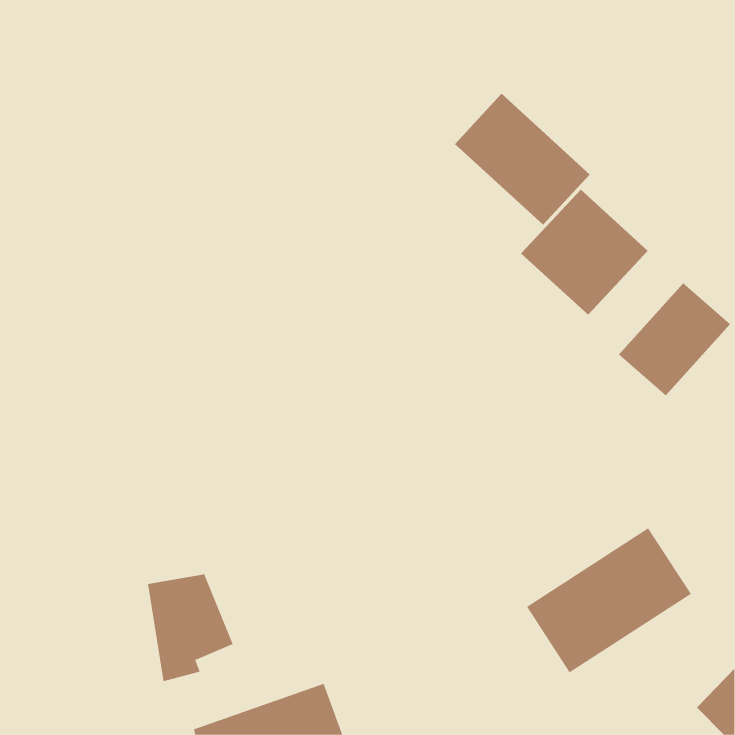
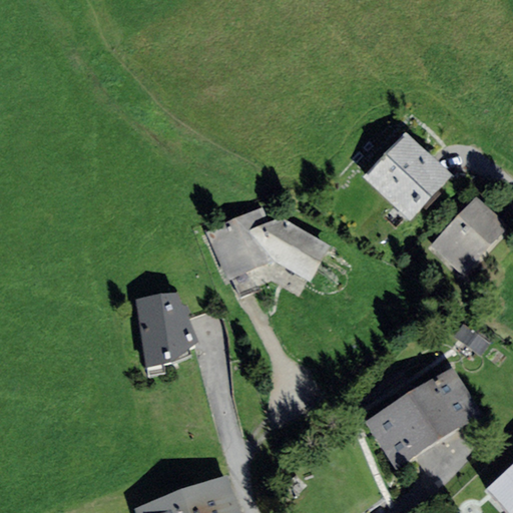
building: [454,93,590,226] -> none
building: none -> [204,207,330,282]
building: [147,574,234,682] -> [136,292,196,367]

